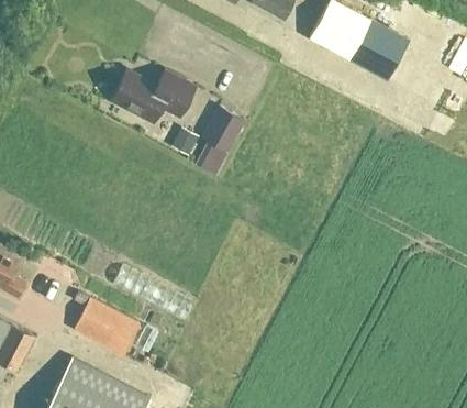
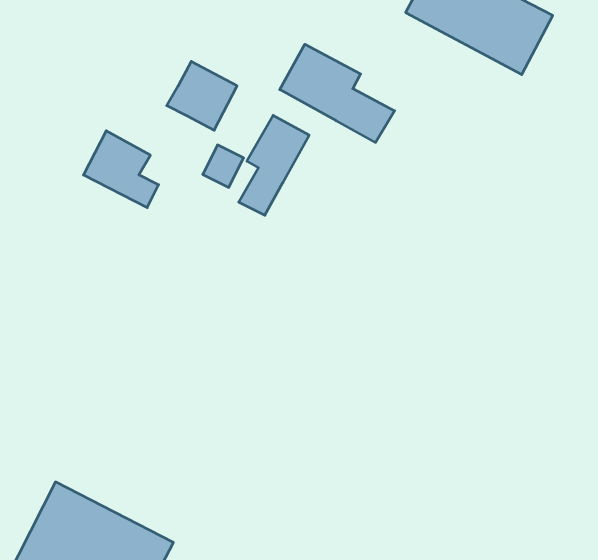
building: none -> [280,44,395,142]
building: [111,70,162,122] -> [83,131,159,208]
building: [73,297,140,355] -> none

